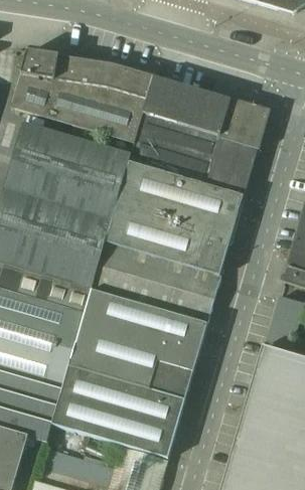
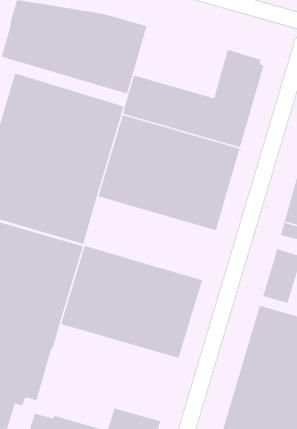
building: [140,76,231,145] -> none
building: [92,241,220,322] -> none
building: [51,365,184,457] -> none

